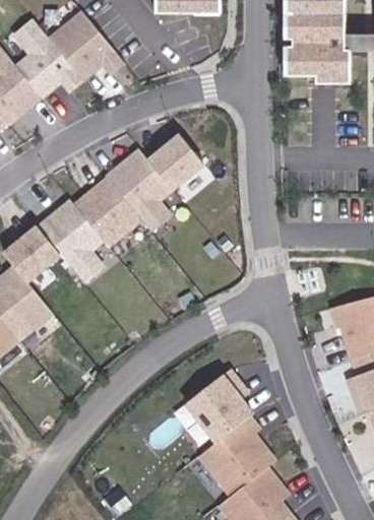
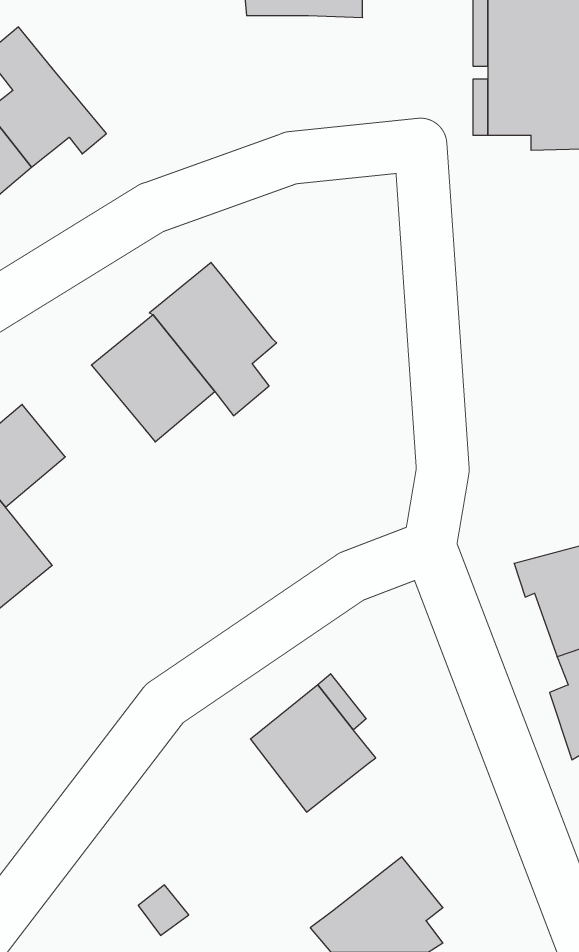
building: [59,10,129,73] -> none
building: [154,129,210,185] -> none
building: [43,194,110,277] -> none
building: [180,415,257,496] -> none

